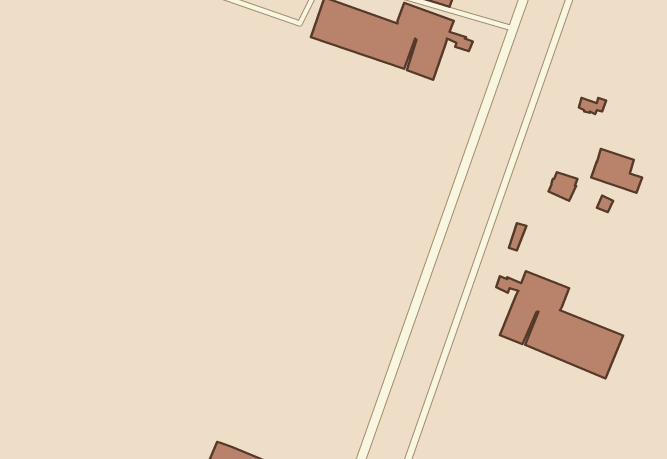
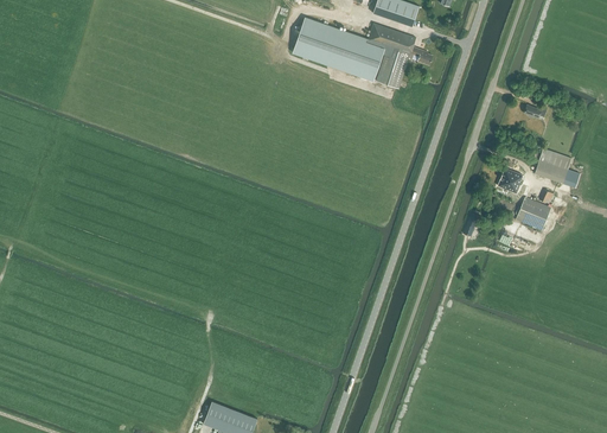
building: none -> [515,197,550,230]
building: [496,271,623,379] -> none

